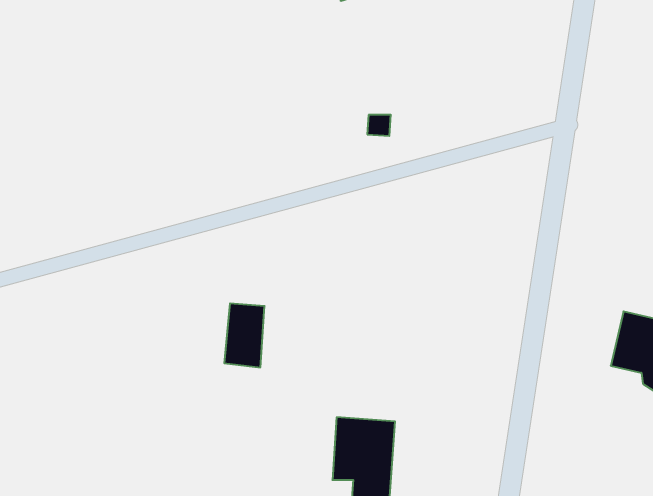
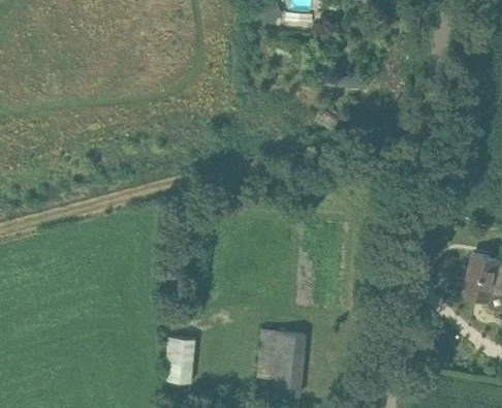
building: [224,303,265,367] -> [164,337,194,384]

